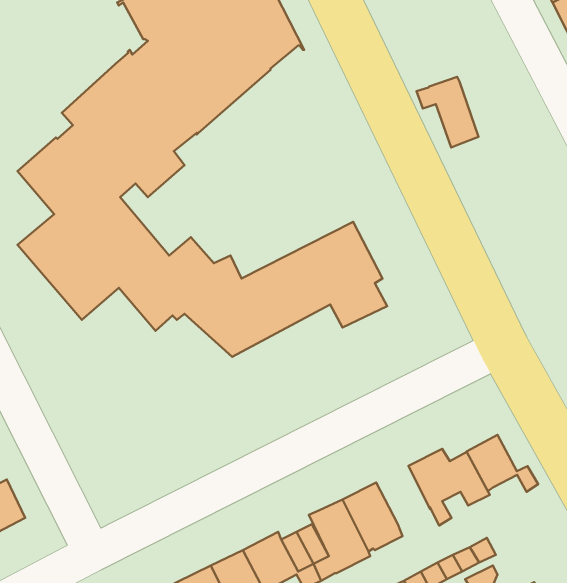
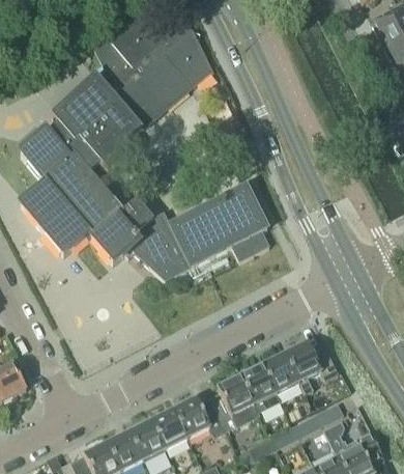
building: [416,77,478,148] -> none
building: [467,435,538,492] -> none
building: none -> [262,353,298,392]

